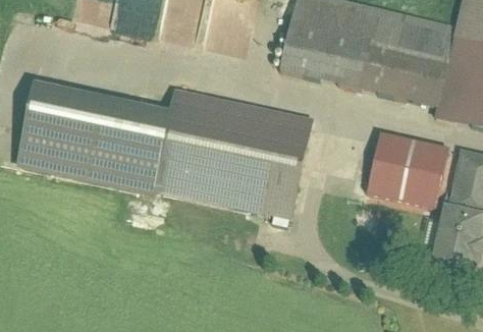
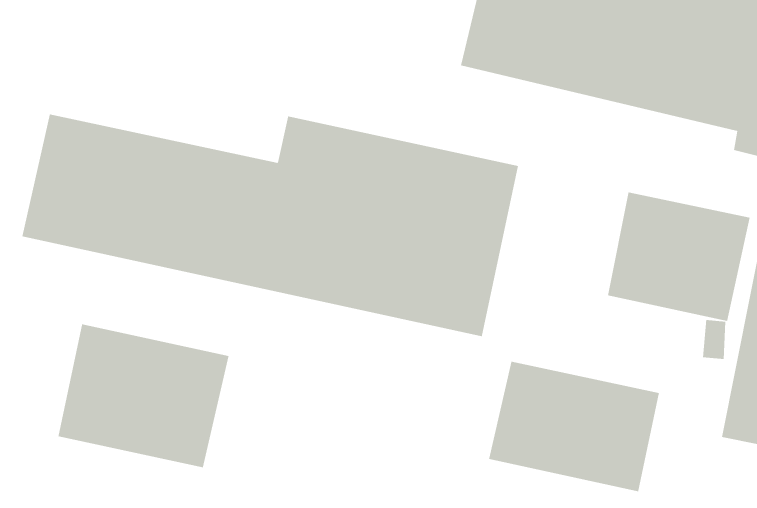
building: none -> [58,324,229,468]
building: none -> [488,361,659,492]

